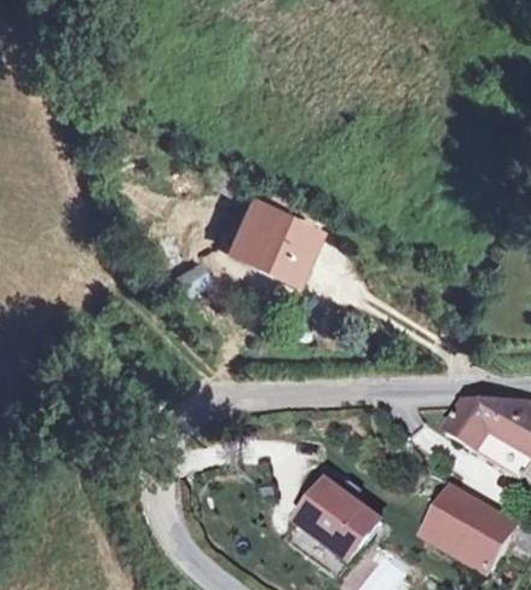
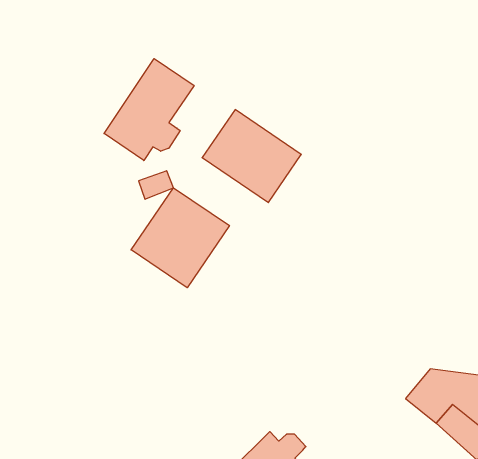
building: none -> [104,59,194,161]
building: none -> [131,188,229,288]

